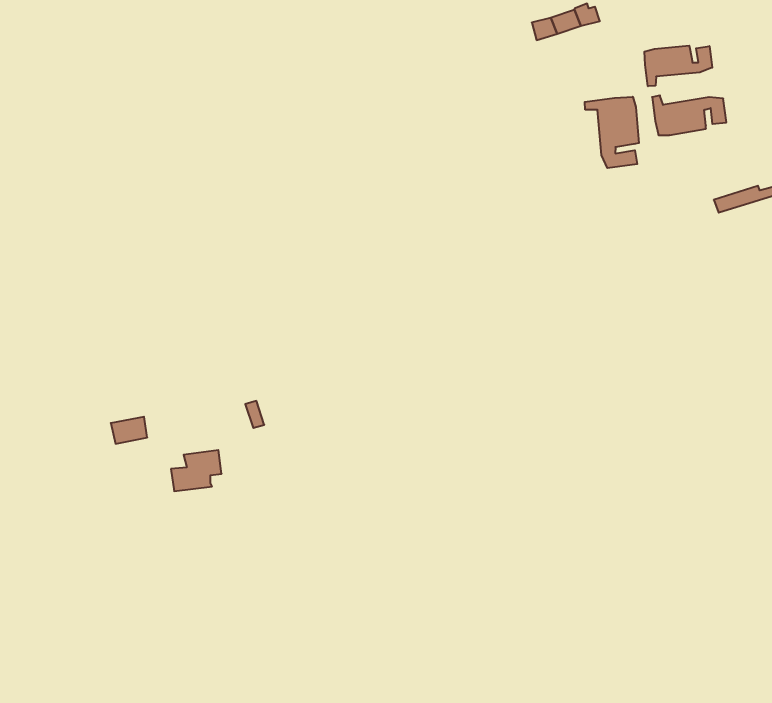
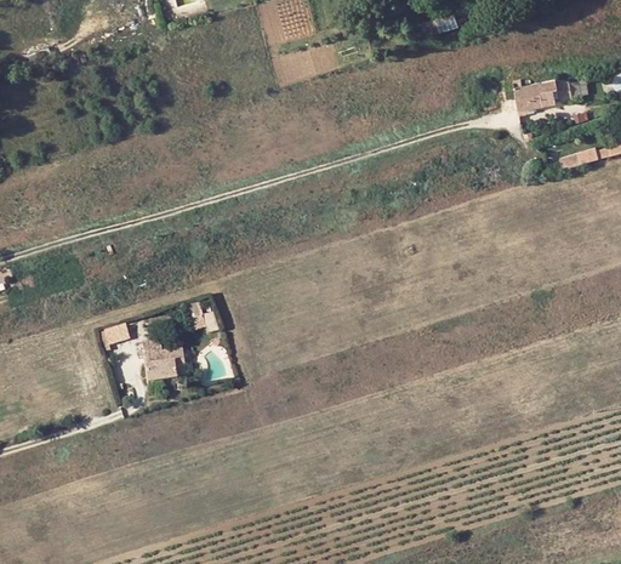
building: [644,46,712,86] -> none
building: [585,97,639,168] -> none

